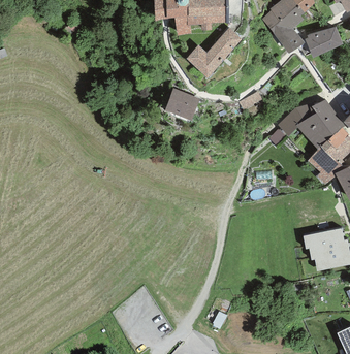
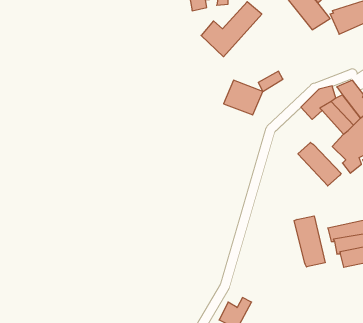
building: [164,88,200,120] -> [224,80,263,115]
building: none -> [298,142,341,186]
building: none -> [294,216,325,267]

